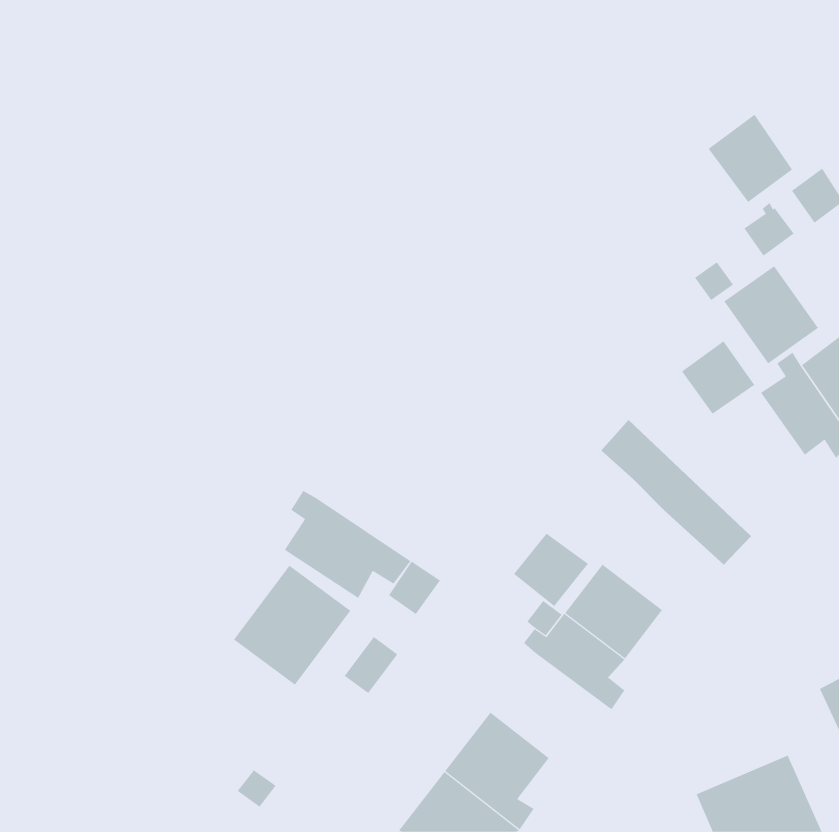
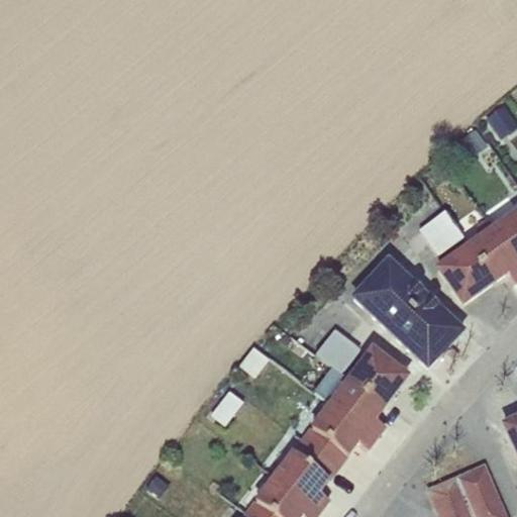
building: [708,114,793,203] -> none
building: [723,265,819,364] -> [436,241,495,302]
building: none -> [351,277,445,367]
building: [284,490,411,599] -> none
building: [233,565,351,685] -> none
building: none -> [302,401,377,466]

